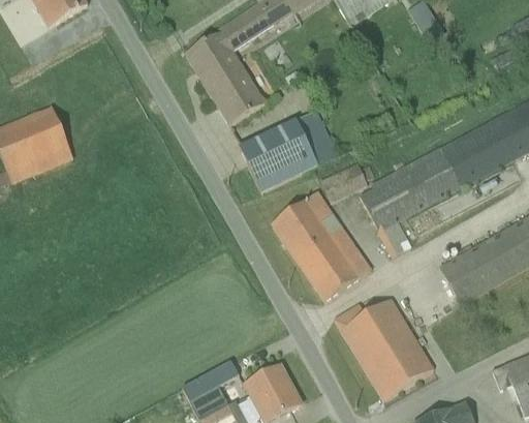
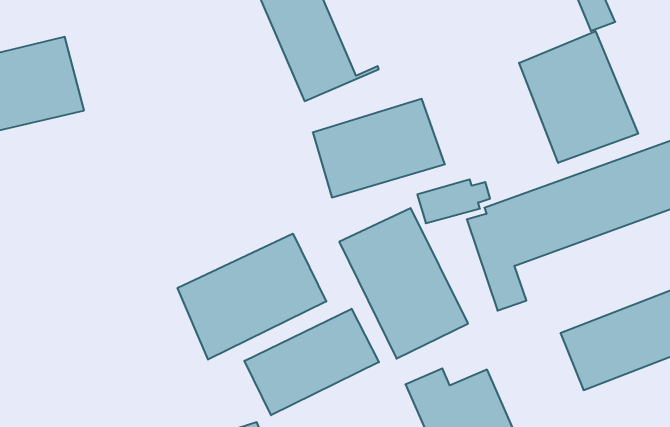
building: none -> [519,31,638,163]
building: none -> [178,234,326,360]
building: none -> [244,309,379,415]

